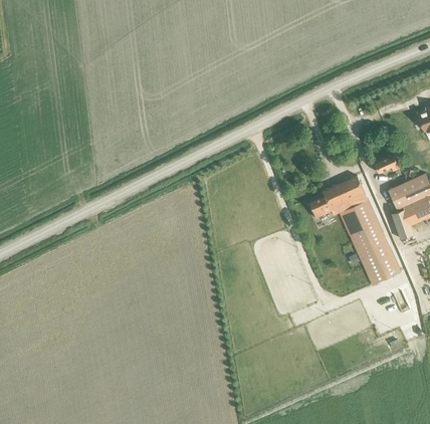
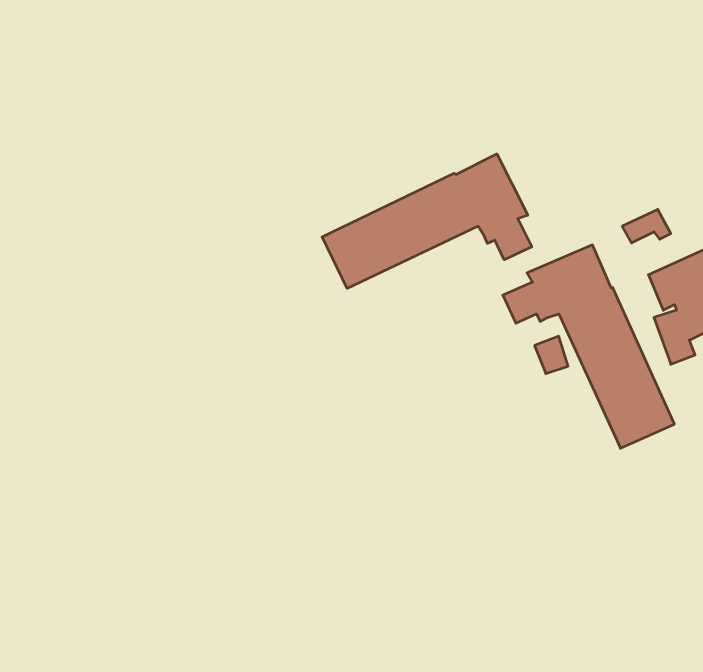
building: none -> [322,154,532,288]

